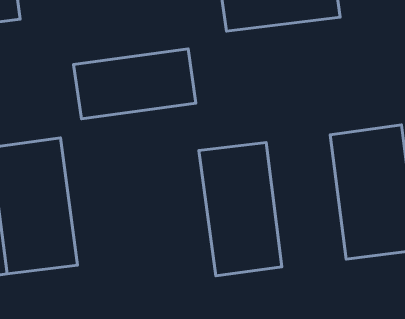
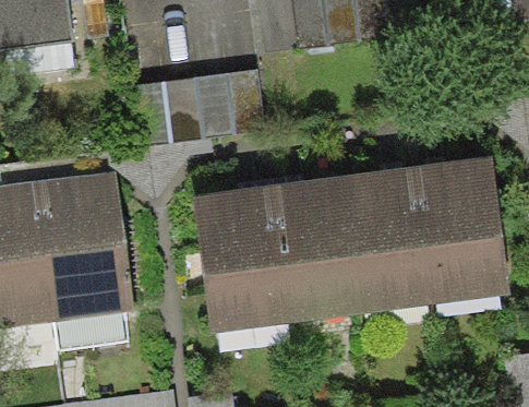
building: none -> [342,166,431,312]
building: none -> [193,183,287,332]

